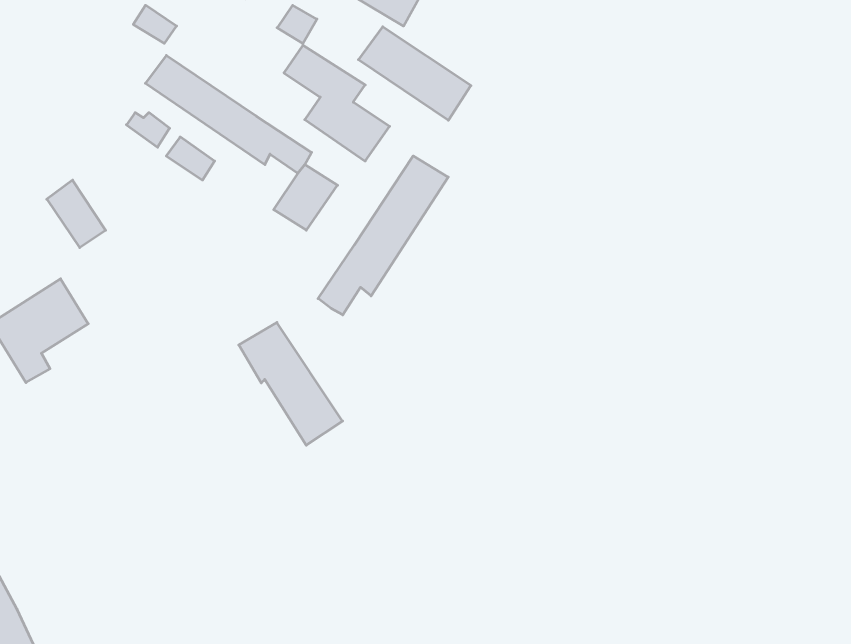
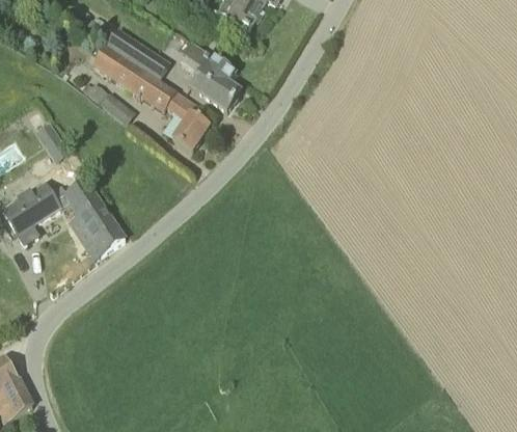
building: [358,27,471,120] -> [106,27,173,83]
building: [318,156,448,315] -> none
building: [239,322,343,445] -> [61,180,124,253]

